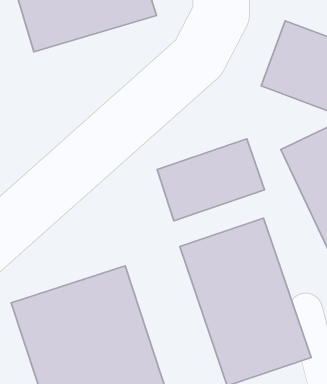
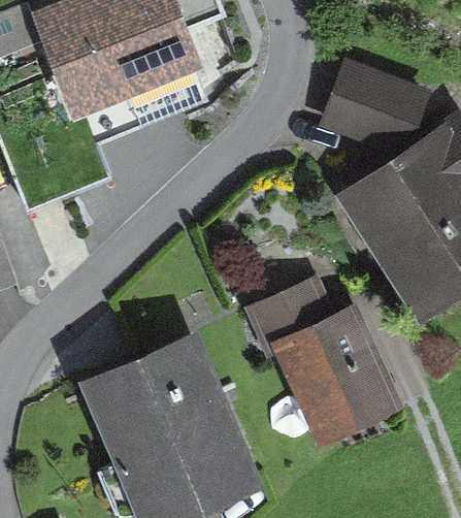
building: [157,139,265,221] -> none

